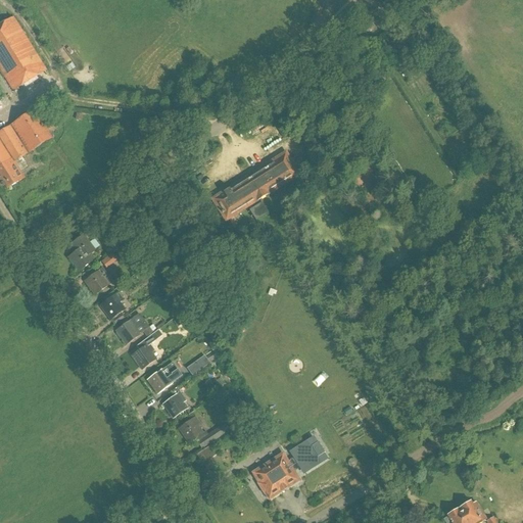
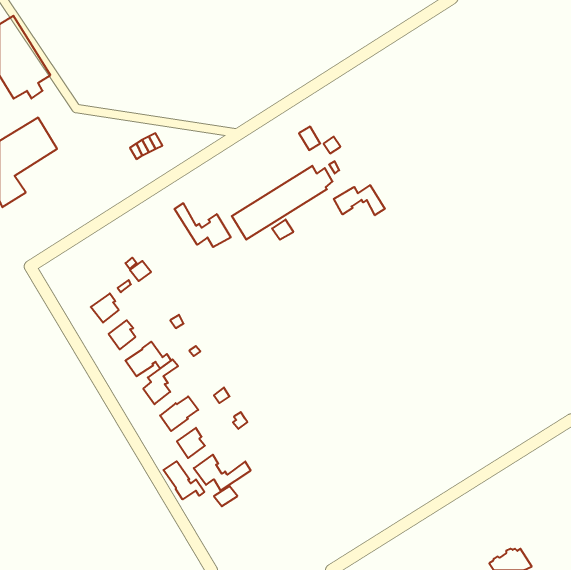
building: none -> [334,185,385,215]
building: none -> [175,203,231,247]
building: [67,233,95,270] -> none
building: none -> [163,461,204,499]
building: [253,436,325,497] -> none

